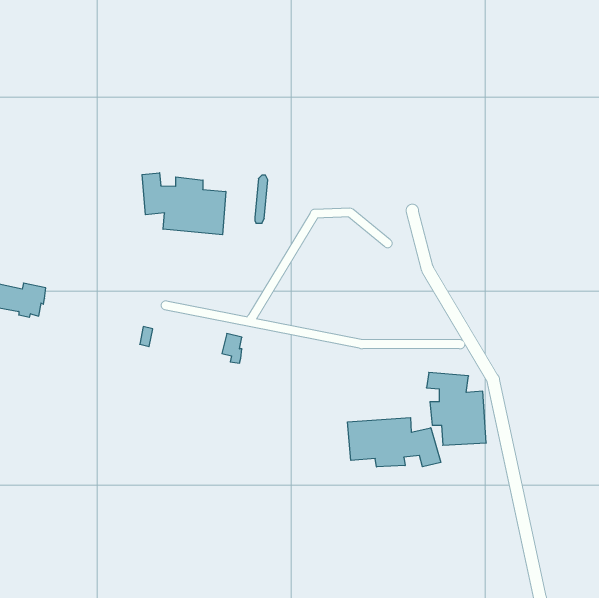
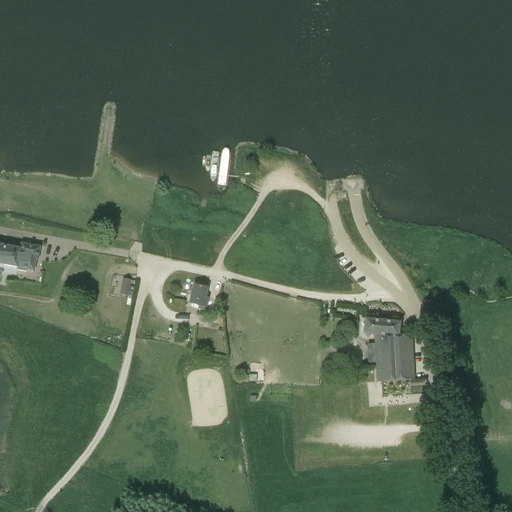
building: [142,173,226,235] -> none
building: [348,418,441,467] -> none

